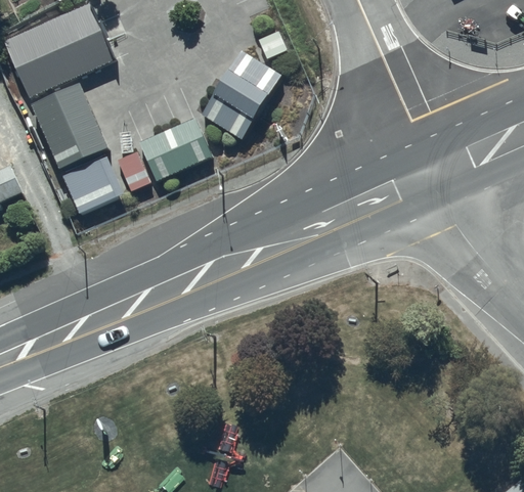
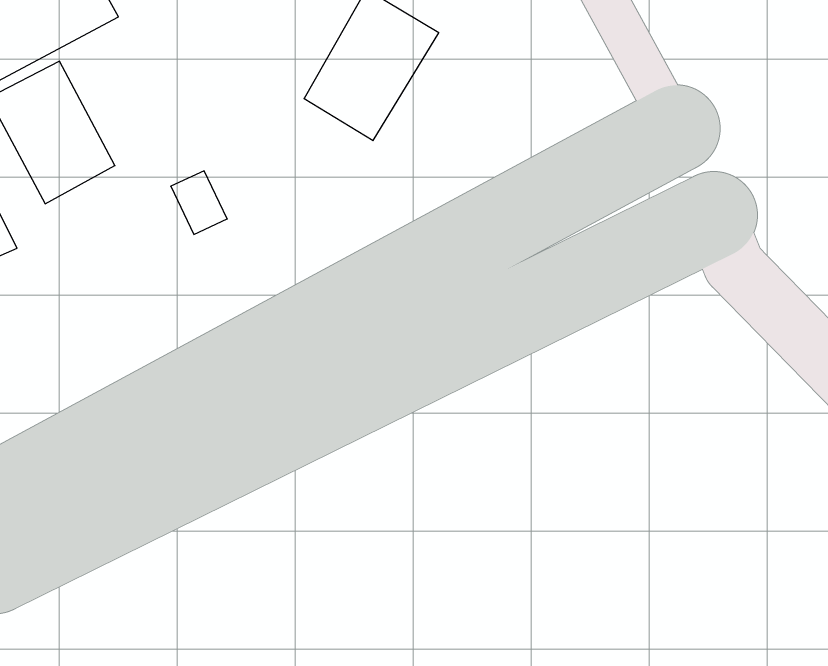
building: [145,118,217,179] -> none
building: [68,159,123,212] -> none

